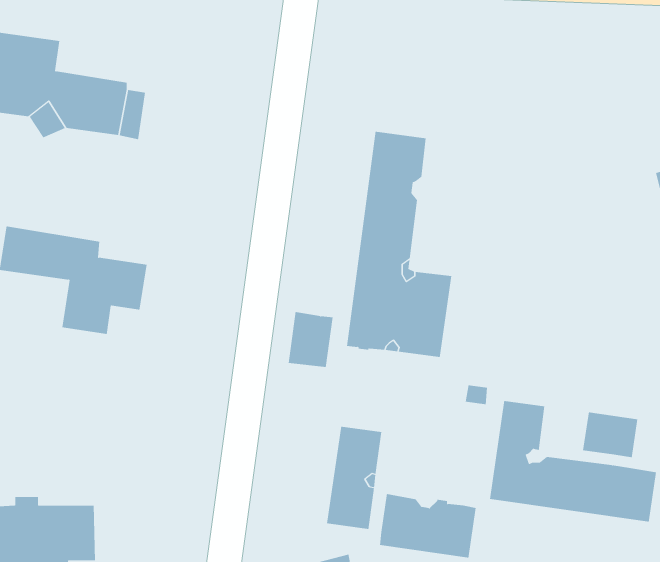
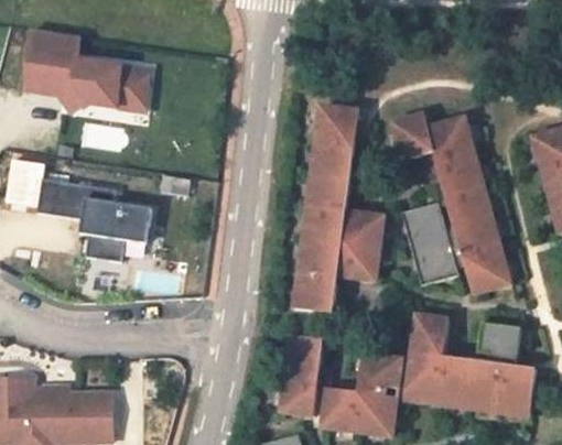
building: none -> [393,115,510,294]
building: none -> [401,203,458,286]
building: [288,312,334,367] -> [291,279,326,322]
building: none -> [360,351,403,387]

